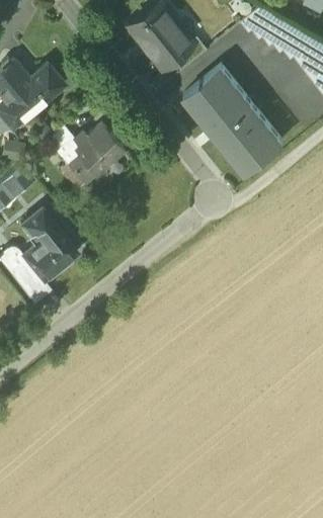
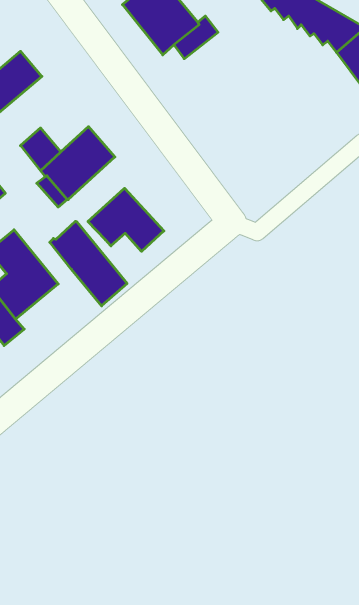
building: [184,70,282,175] -> none
building: none -> [88,188,164,251]
building: none -> [50,221,127,306]

